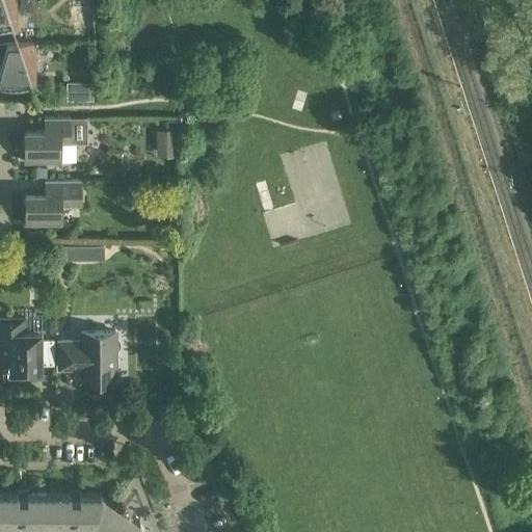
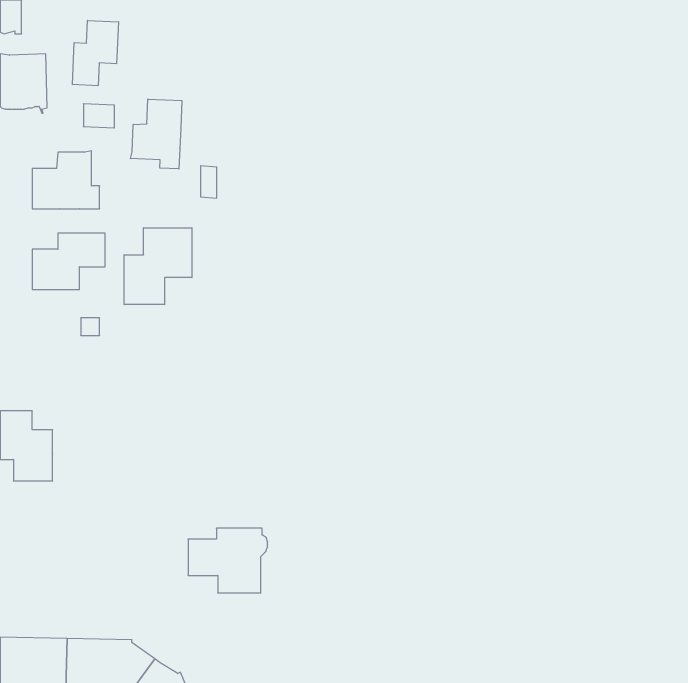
building: none -> [72,20,118,86]
building: none -> [131,99,182,169]
building: none -> [124,228,192,305]
building: [59,335,121,384] -> [188,528,268,593]

